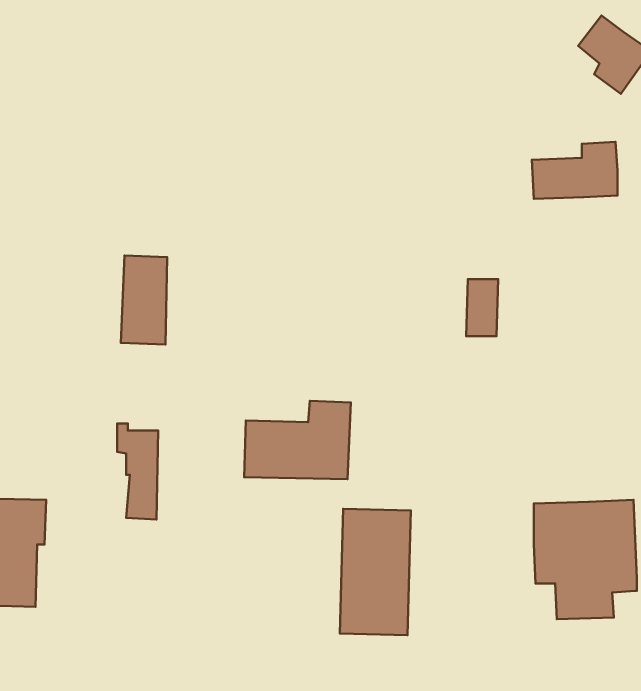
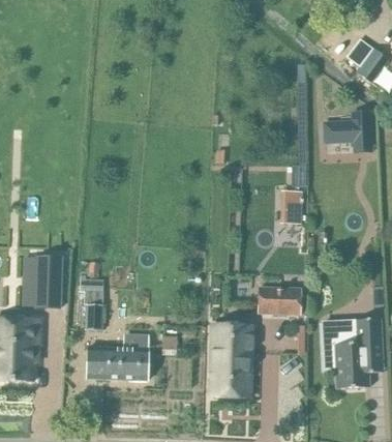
building: [121,255,167,344] -> [34,257,61,308]
building: [244,401,351,479] -> [87,334,149,380]
building: none -> [258,288,300,314]

